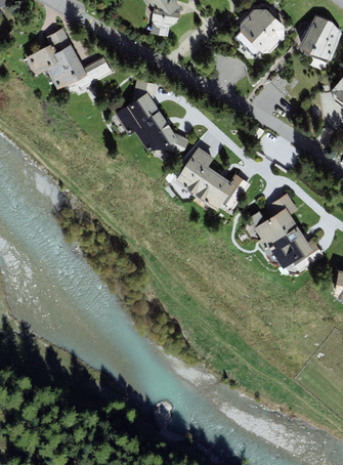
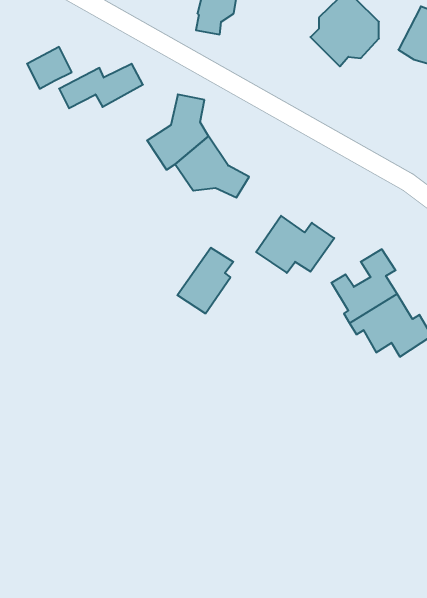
building: [45,28,79,75] -> none
building: [173,146,214,195] -> [177,248,233,313]

